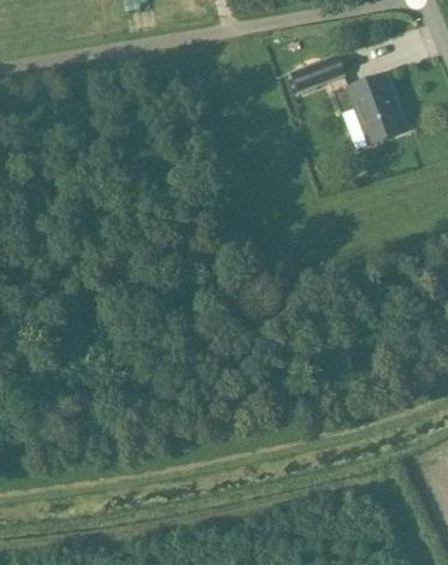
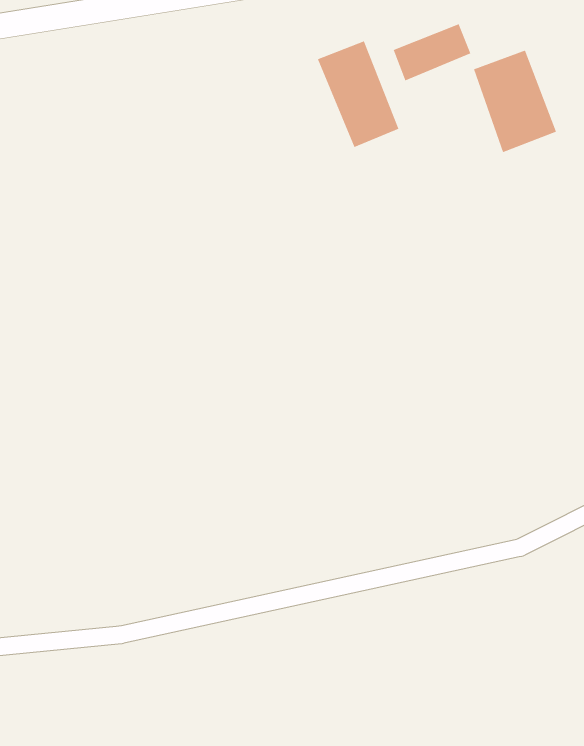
building: none -> [317,40,399,148]

